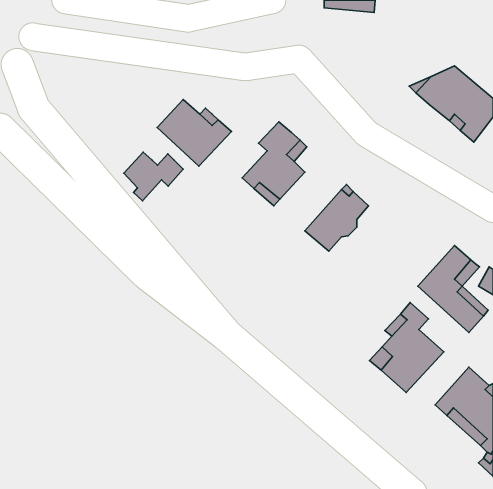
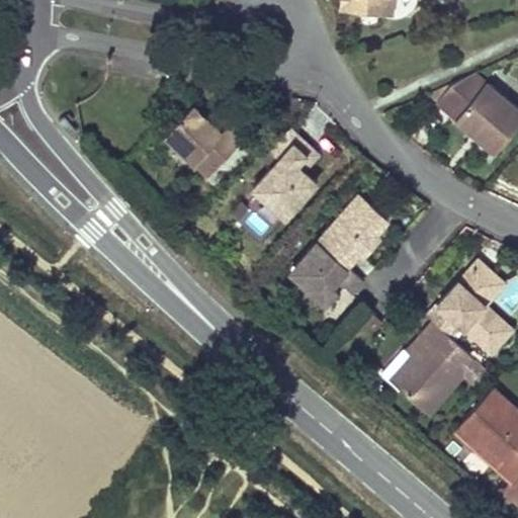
building: [124,152,183,201] -> none
building: none -> [292,247,362,308]

